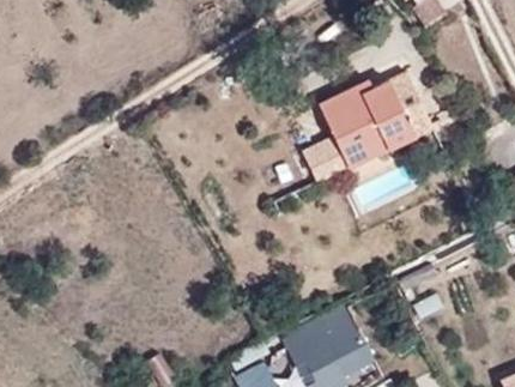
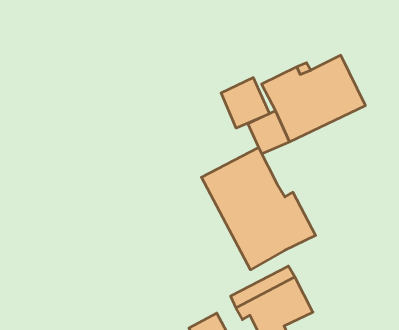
building: none -> [221,78,269,128]
building: none -> [201,148,316,270]

